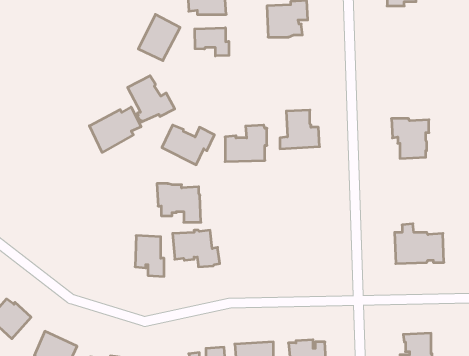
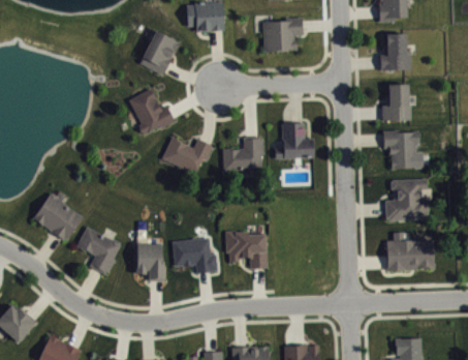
building: none -> [379,33,409,70]
building: [195,28,229,56] -> none
building: none -> [380,84,410,120]
building: [89,107,141,152] -> none
building: none -> [384,178,432,220]
building: [157,184,201,222] -> [224,231,267,268]
building: none -> [32,193,82,241]
building: none -> [75,227,120,274]

